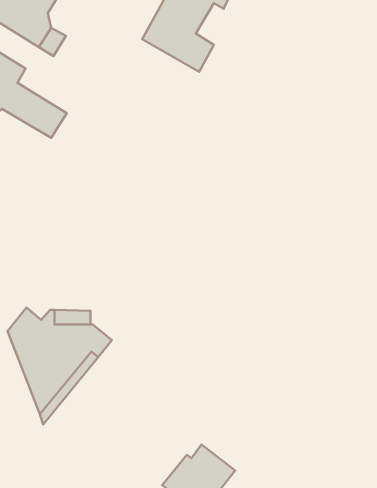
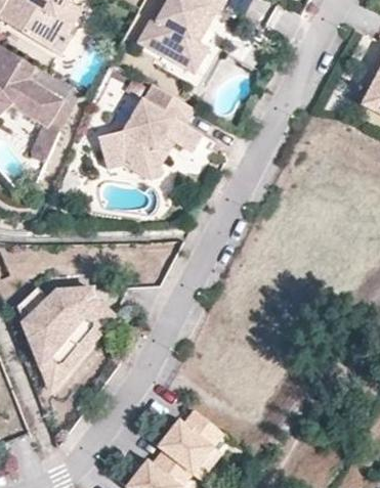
building: none -> [99,86,201,181]

